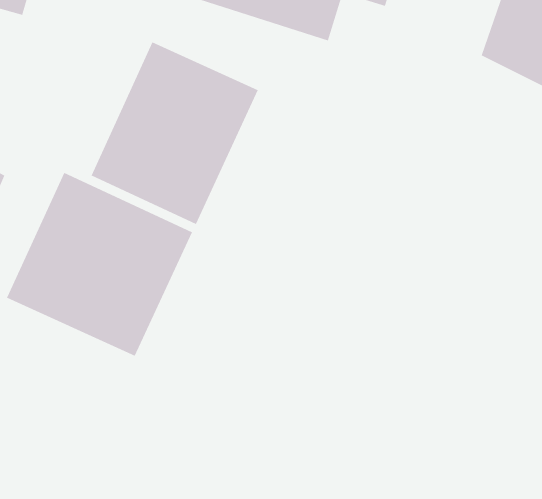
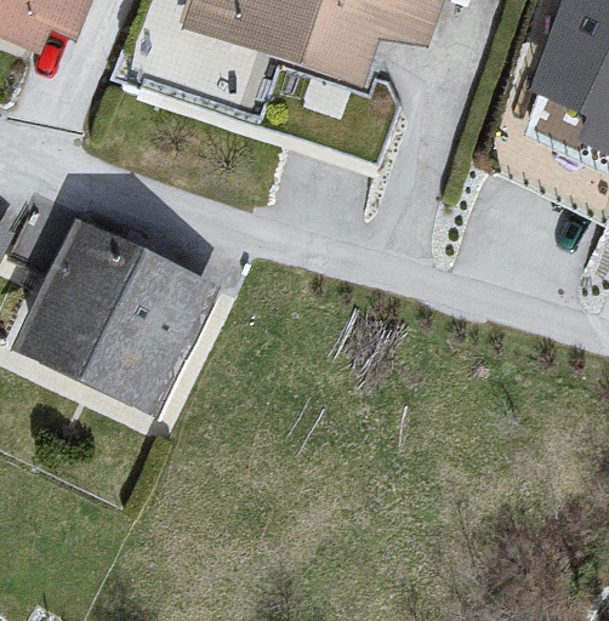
building: [91,42,258,225] -> none

